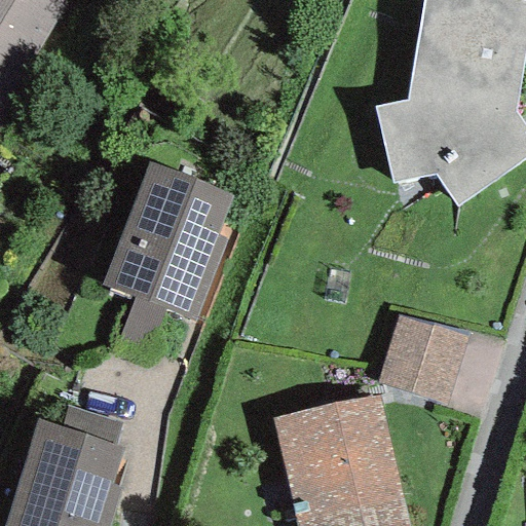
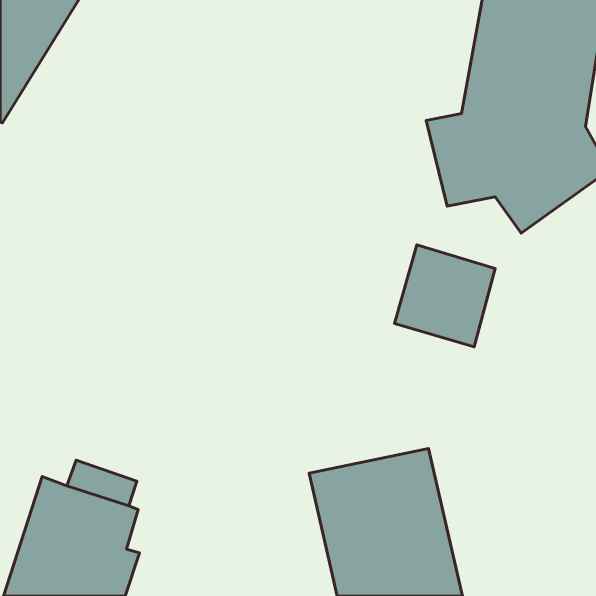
building: [103,162,231,321] -> none
building: [379,314,467,404] -> [395,245,495,347]

